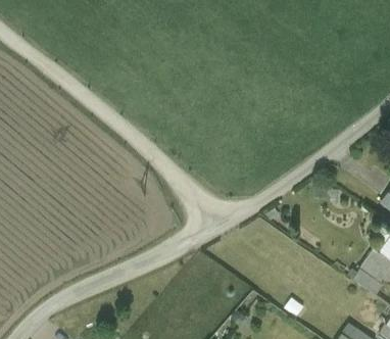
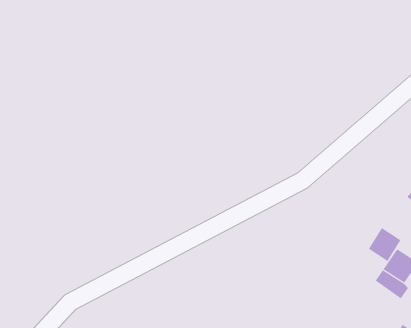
building: none -> [368,227,401,262]

